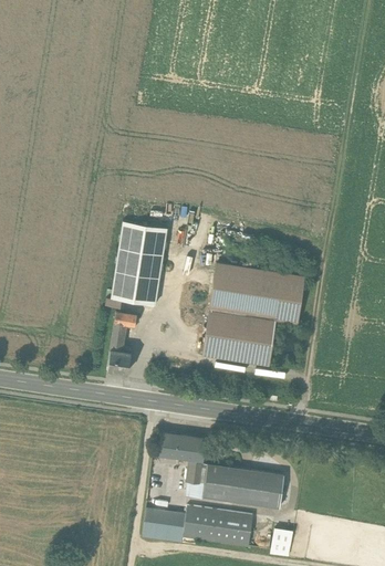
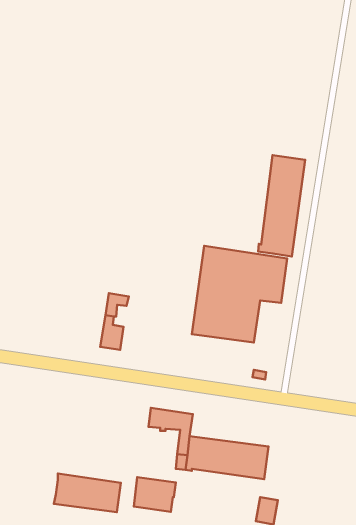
building: none -> [258,155,305,257]
building: [106,221,168,305] -> none
building: [183,505,253,546] -> [54,473,121,512]

